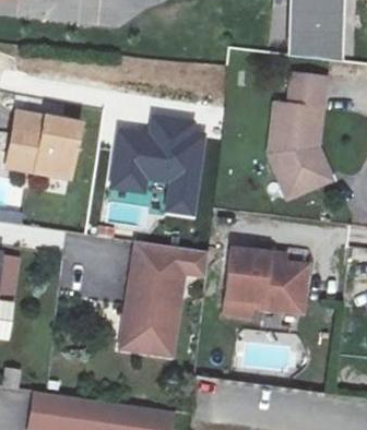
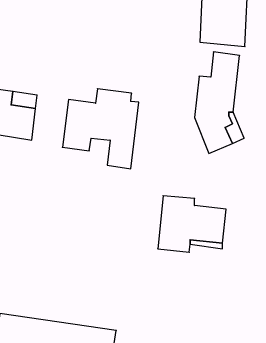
building: [123,241,211,353] -> none

